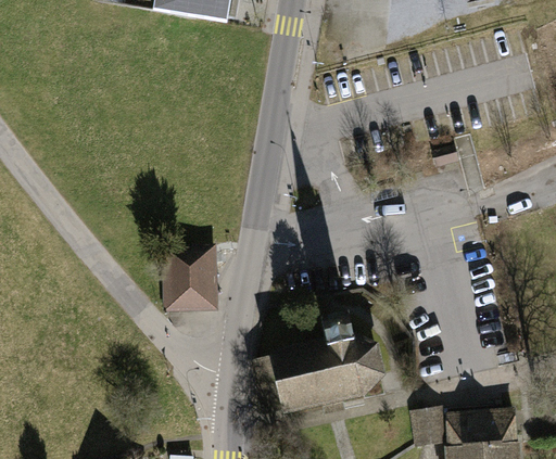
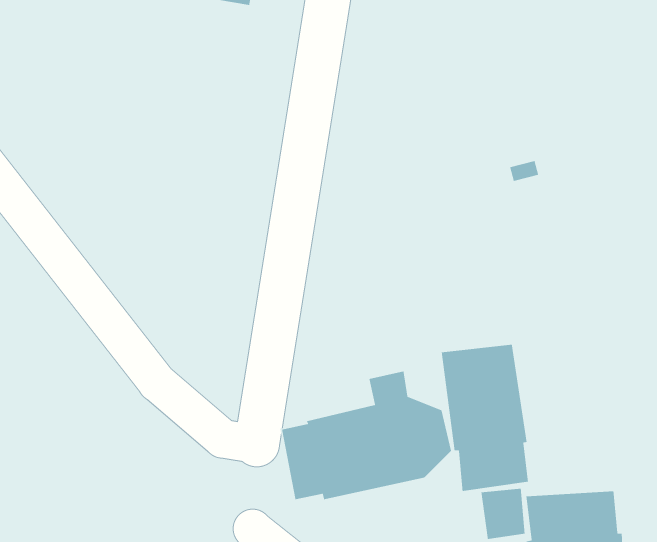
building: [162,244,217,311] -> none
building: none -> [441,344,529,492]

